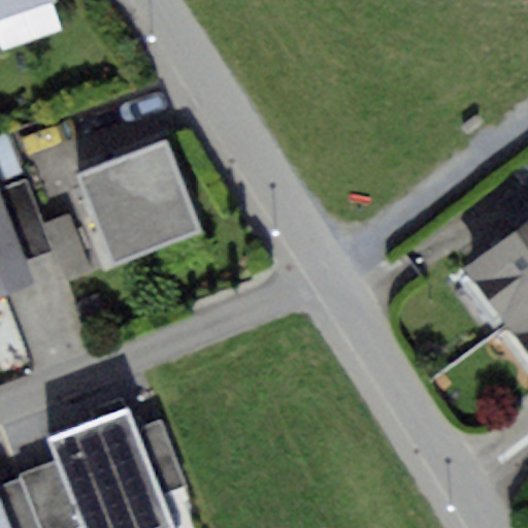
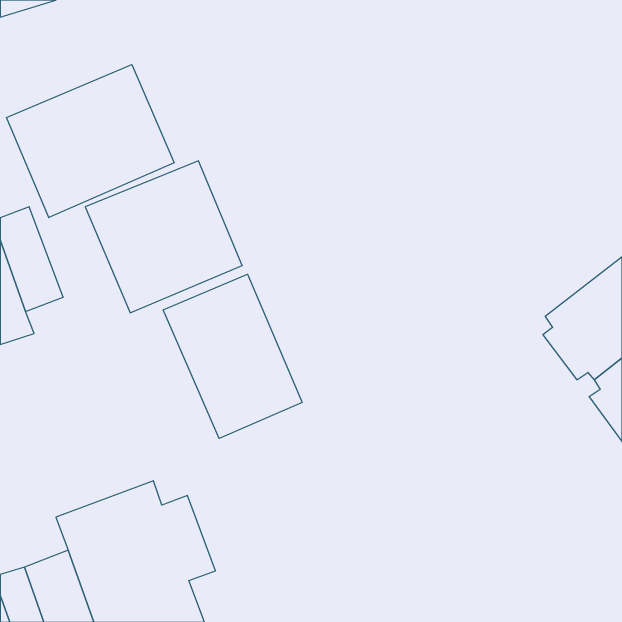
building: none -> [7,65,174,218]
building: none -> [163,274,302,438]

